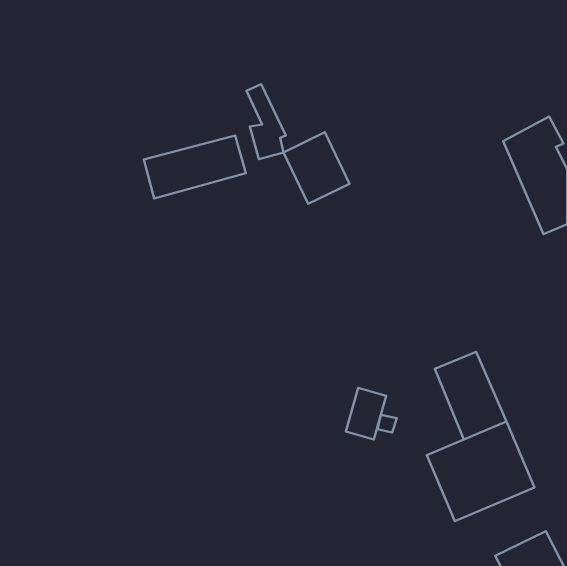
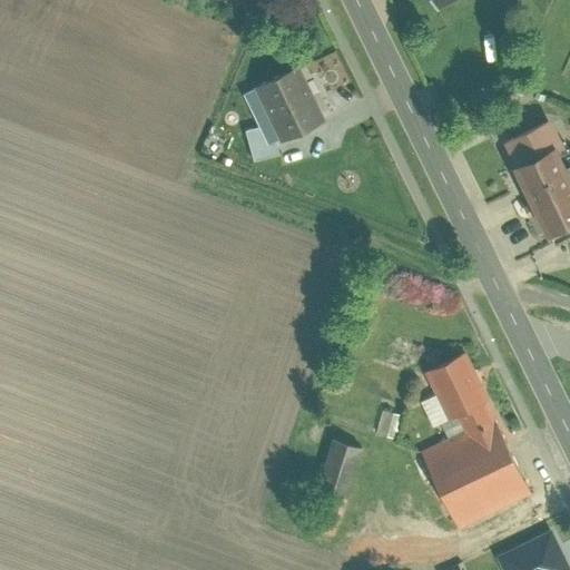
building: [284,132,350,204] -> [259,70,325,141]
building: [144,136,246,199] -> none
building: [346,388,386,439] -> [324,442,364,493]

